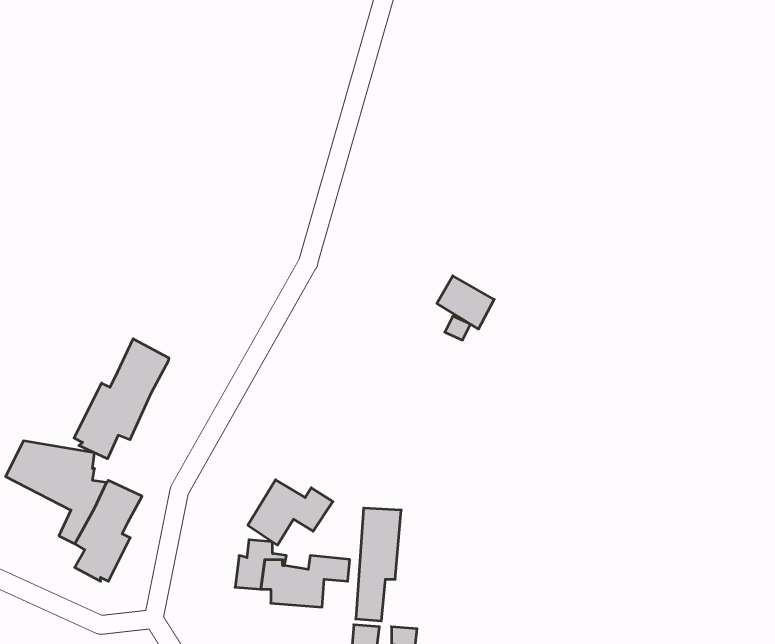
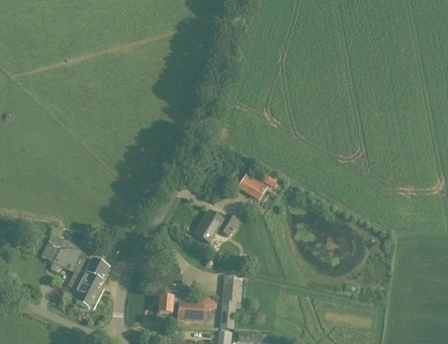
building: [437,276,494,329] -> [238,173,267,200]
building: [74,339,169,459] -> none
building: [248,480,333,545] -> [194,209,238,243]

